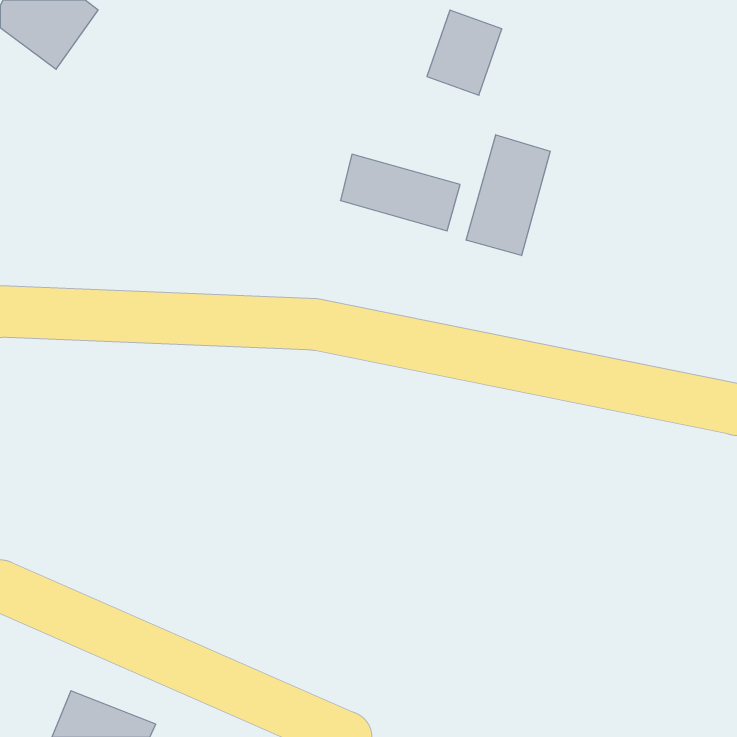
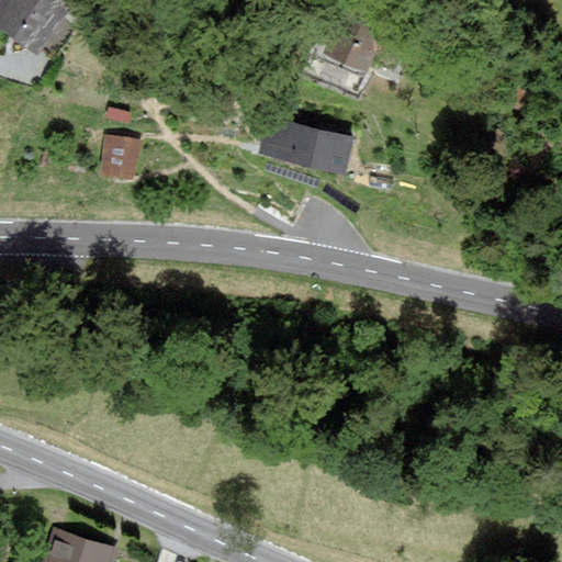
building: [466,135,550,256] -> none
building: none -> [98,127,143,179]

